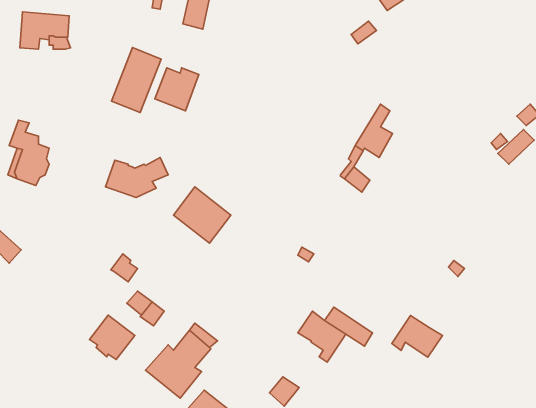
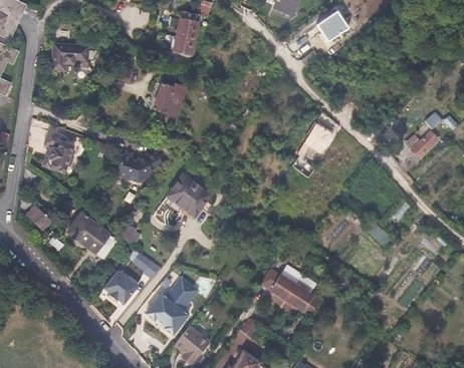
building: [112,47,161,113] -> none
building: none -> [67,212,117,257]
building: [392,316,443,357] -> [282,284,320,315]

